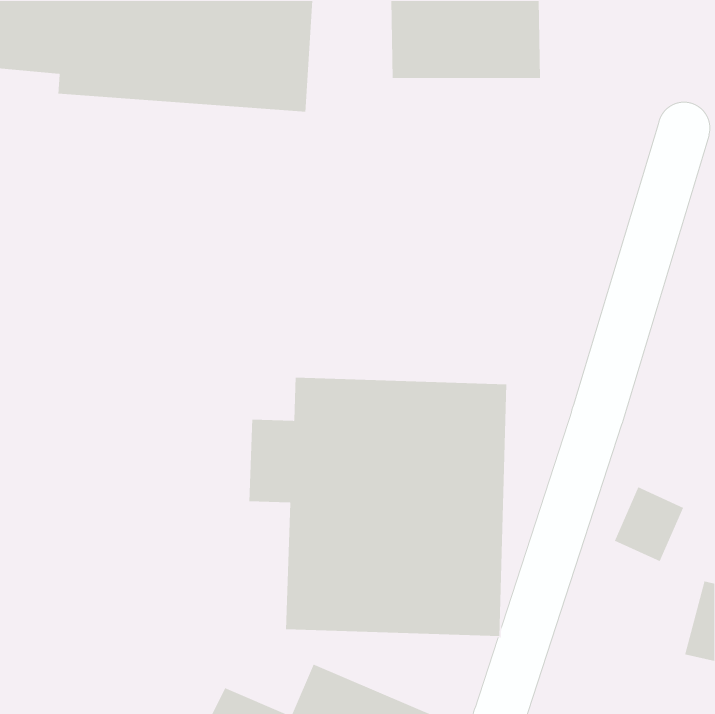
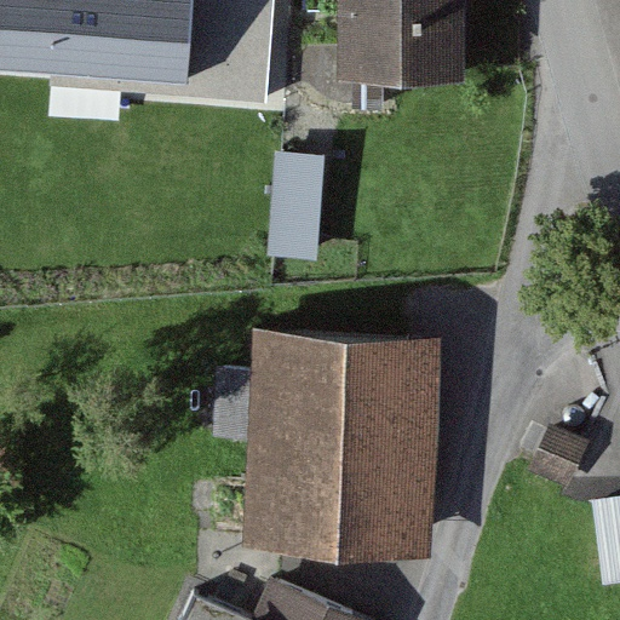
building: none -> [266,150,323,260]

